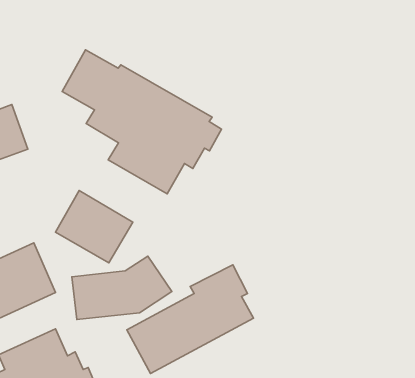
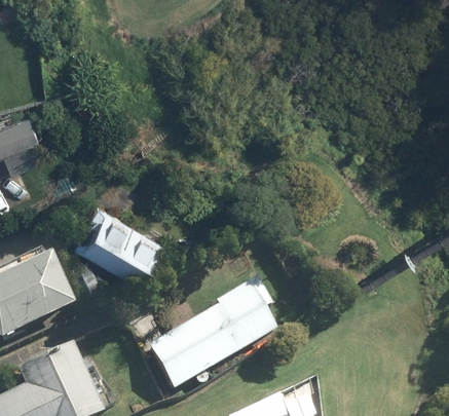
building: [62,50,221,194] -> none
building: [72,256,172,320] -> none

